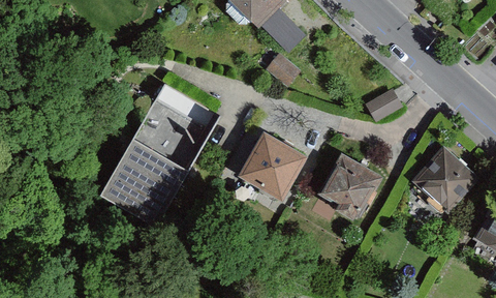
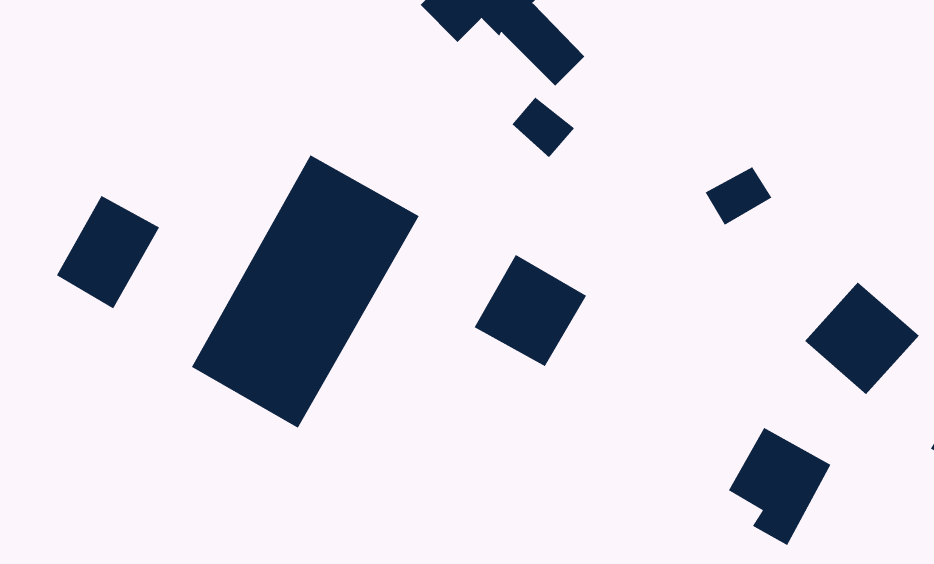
building: none -> [56,195,160,309]
building: [326,157,379,219] -> [728,427,831,546]

